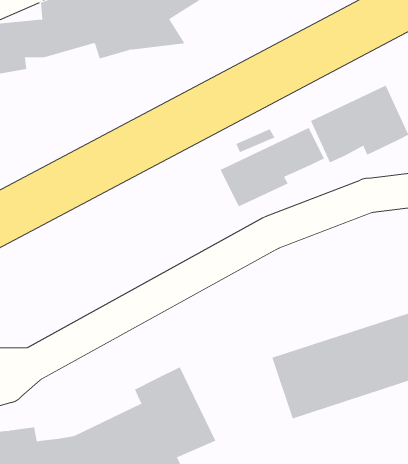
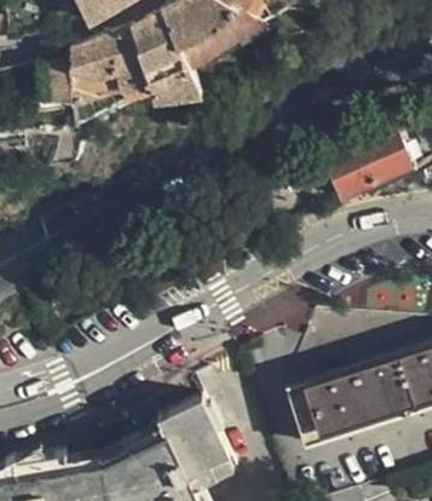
building: [220,127,325,207] -> none

